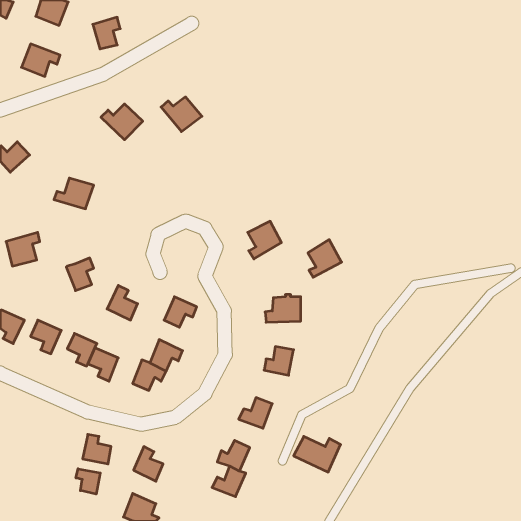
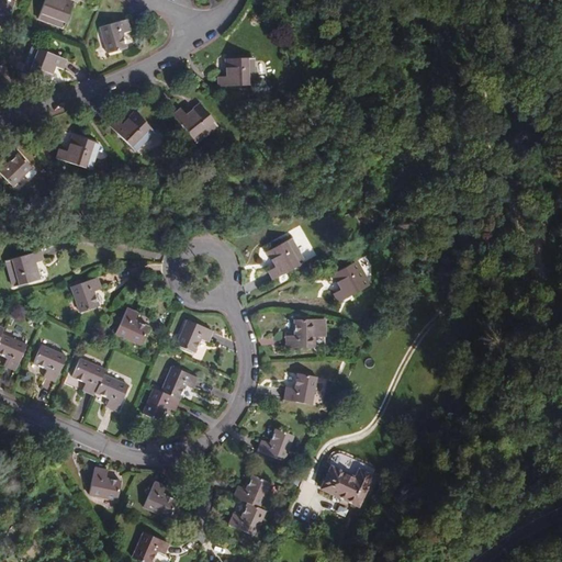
building: none -> [218,57,254,86]
building: [54,178,94,209] -> [56,135,99,168]
building: [76,469,100,494] -> none

